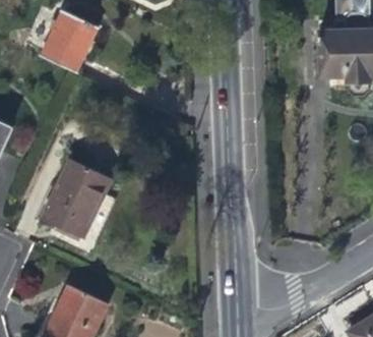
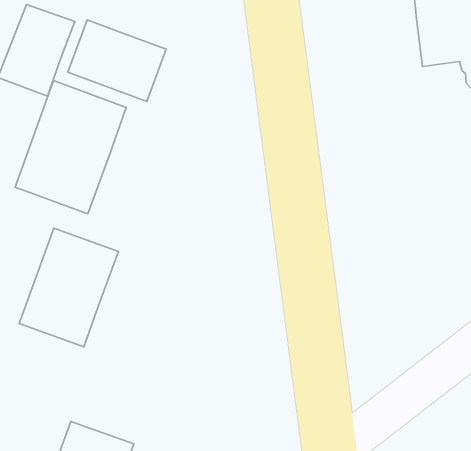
building: none -> [68,20,166,102]
building: none -> [15,80,126,214]

